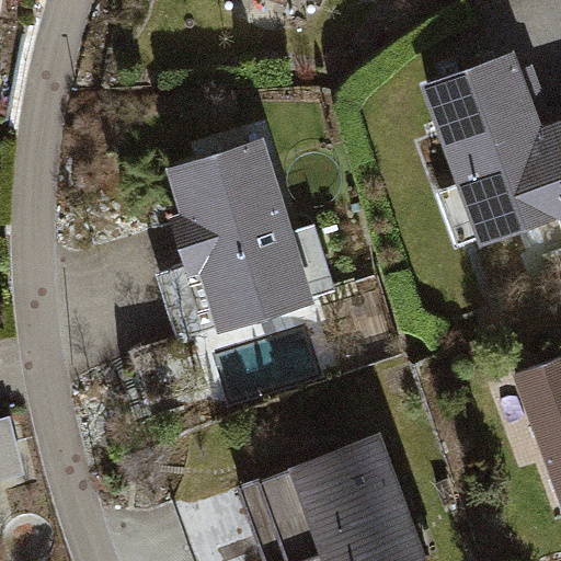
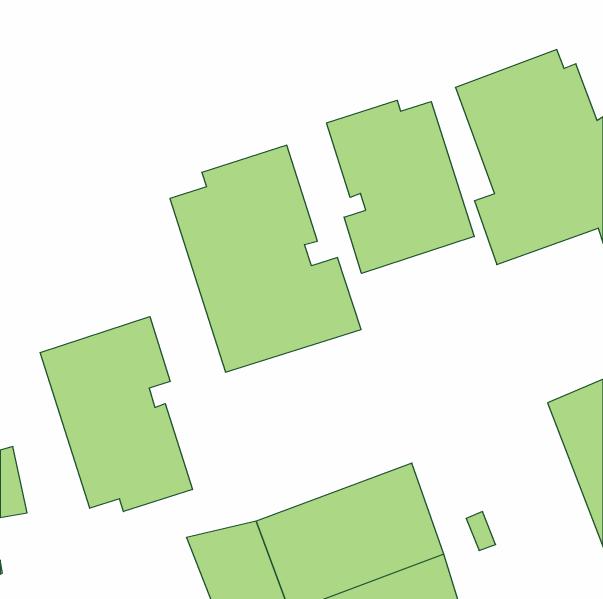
building: none -> [326,100,474,273]
building: none -> [40,317,192,512]

